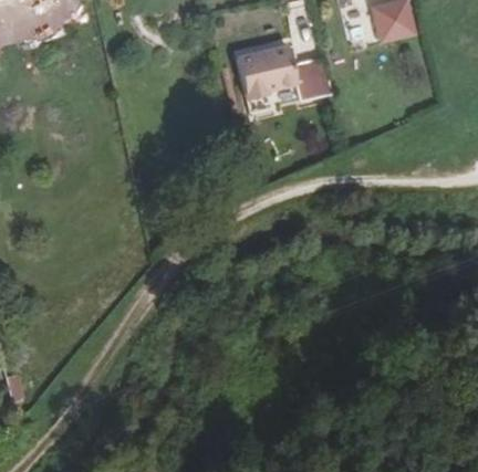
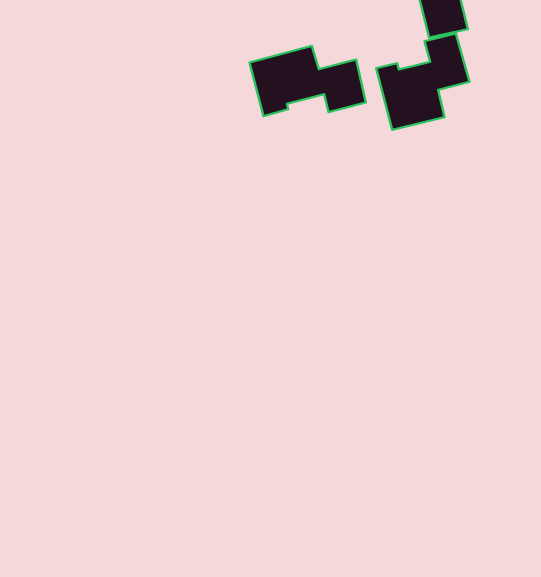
building: none -> [376,33,469,130]

